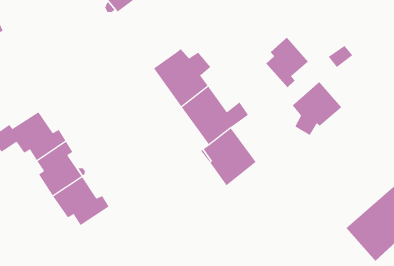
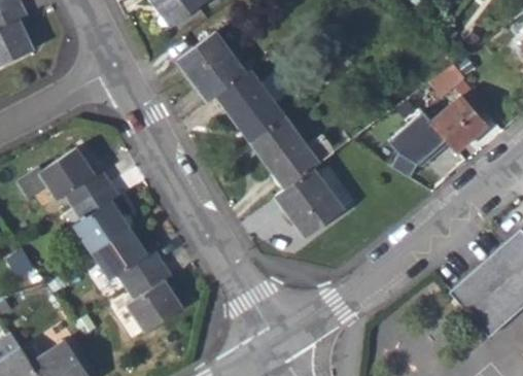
building: none -> [177,32,246,101]
building: [265,37,309,88] -> none
building: none -> [432,97,486,149]
building: none -> [127,264,182,331]

